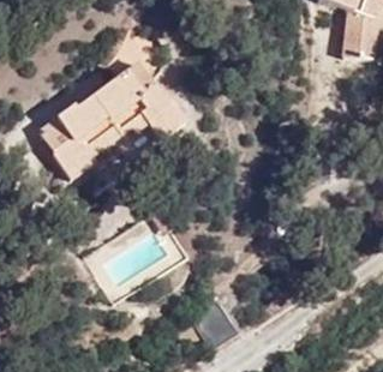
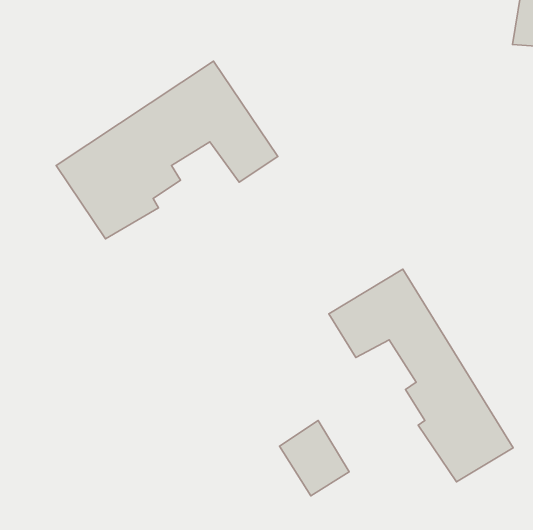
building: none -> [329,269,513,482]

